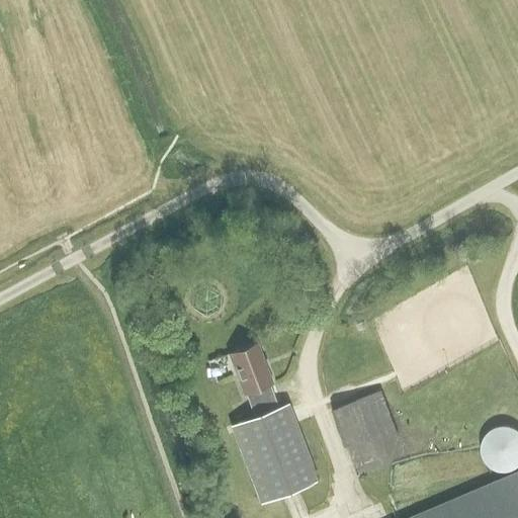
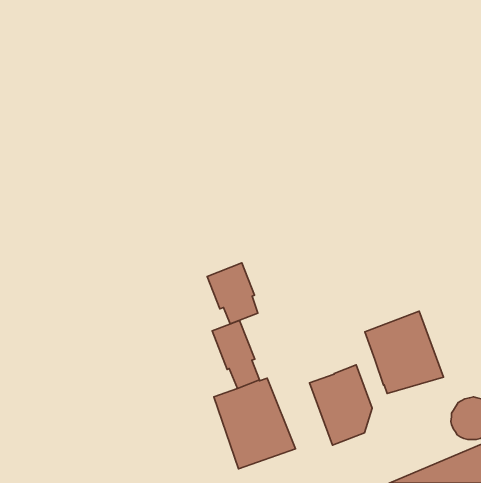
building: none -> [207,263,258,324]
building: none -> [365,311,444,394]

